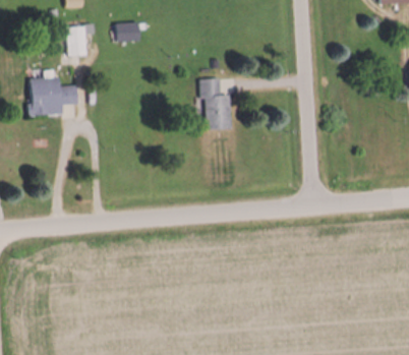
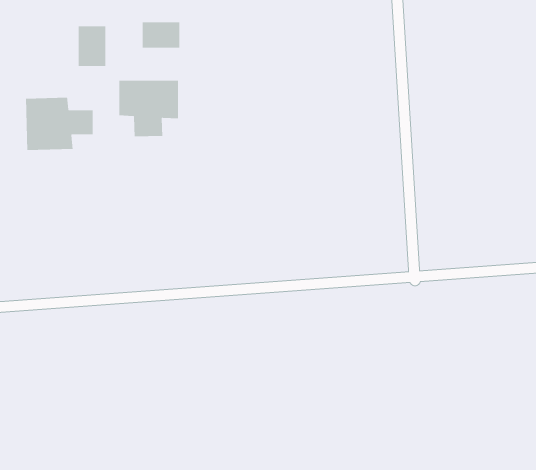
building: none -> [118,80,179,137]
building: [203,79,232,129] -> none

